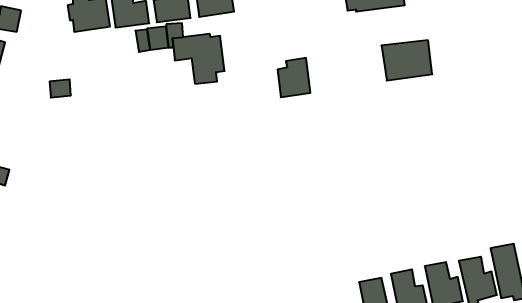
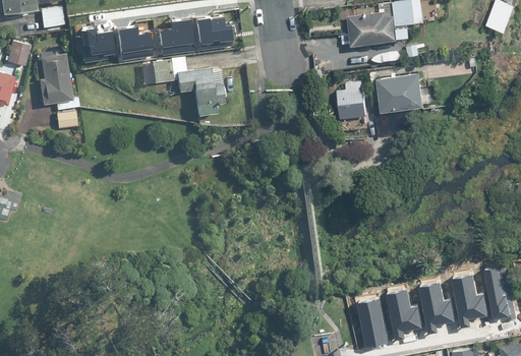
building: none -> [39,52,73,103]
building: [278,58,310,97] -> [338,80,369,118]

